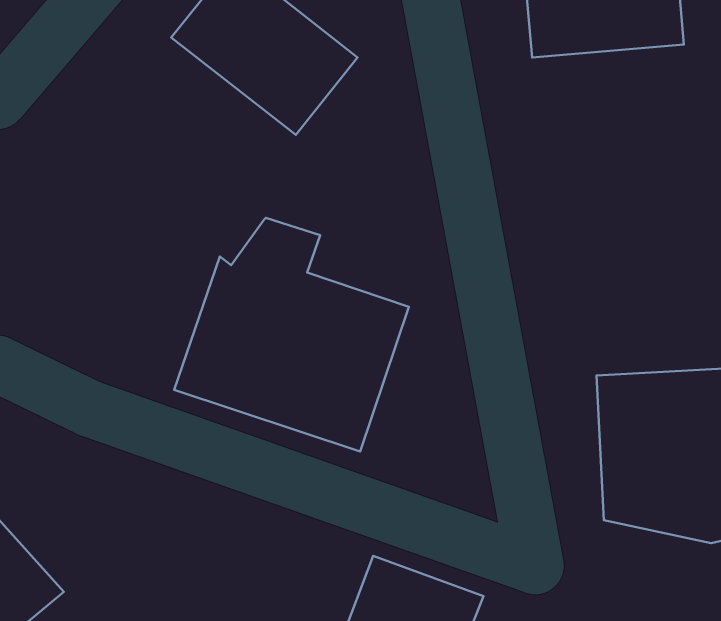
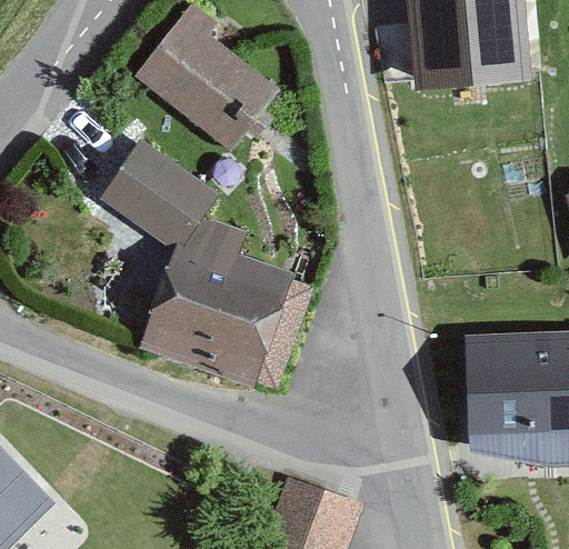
building: none -> [101,137,222,251]

